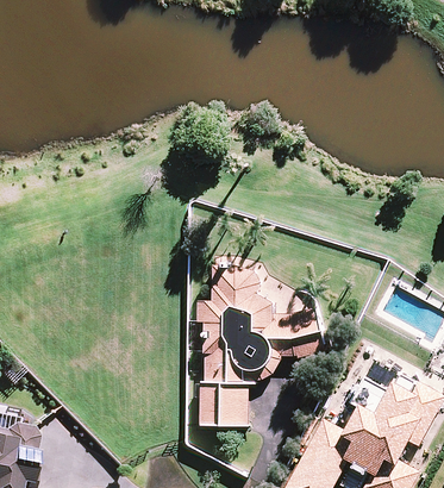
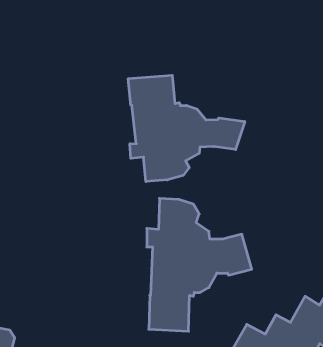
building: none -> [128,75,245,182]

